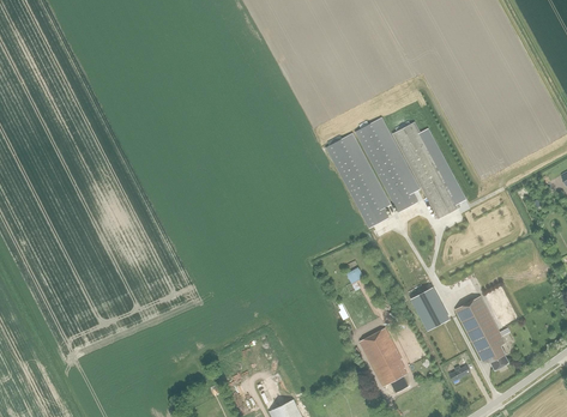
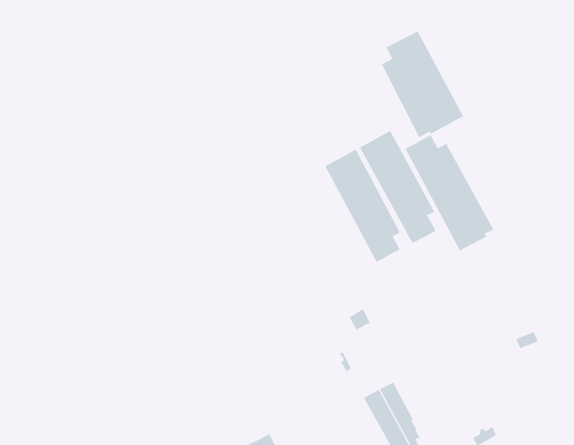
building: none -> [381,31,464,138]
building: [411,290,447,332] -> none
building: [454,295,509,369] -> none

